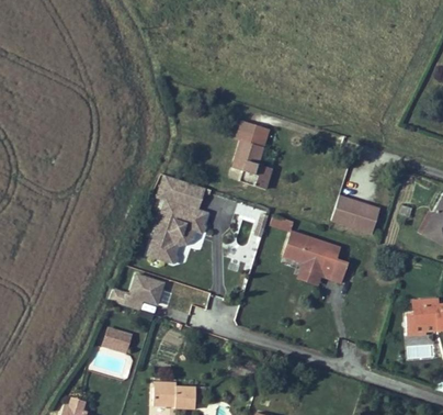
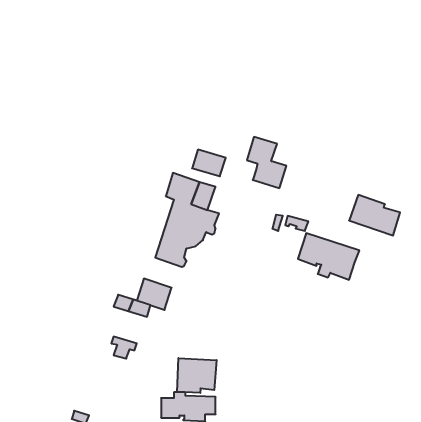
building: [237,122,269,147] -> [192,150,226,176]
building: [299,259,348,284] -> none
building: none -> [177,358,217,393]

